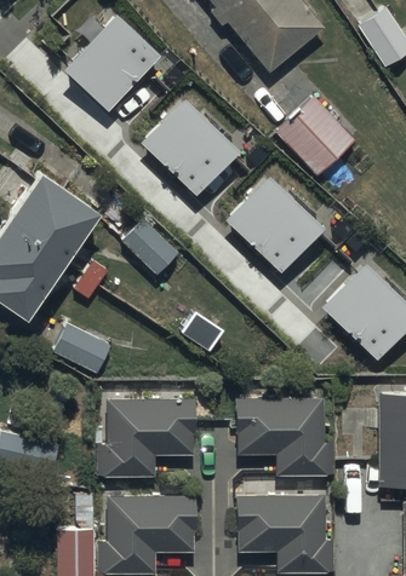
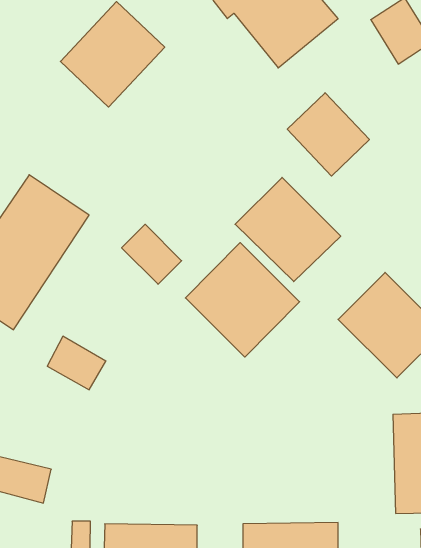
building: [145,98,242,196] -> none
building: none -> [185,243,300,357]
building: [235,398,331,474] -> none
building: [97,399,195,479] -> none

